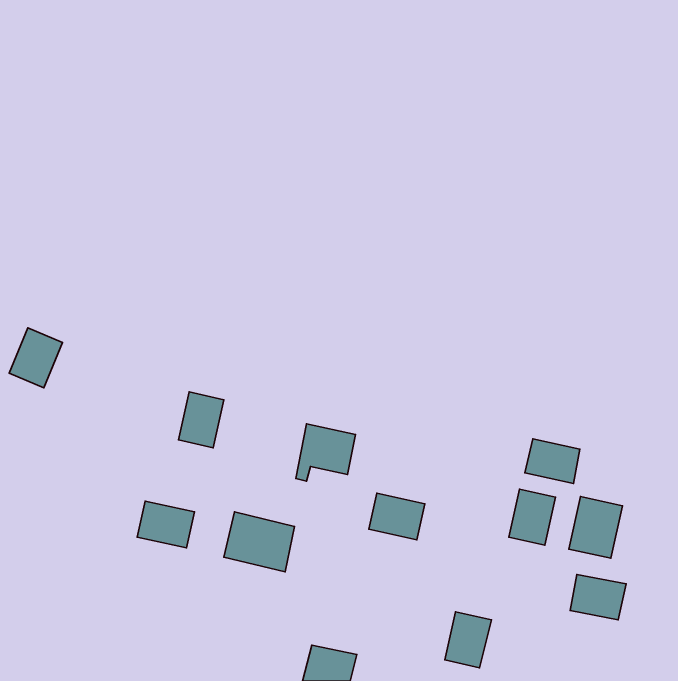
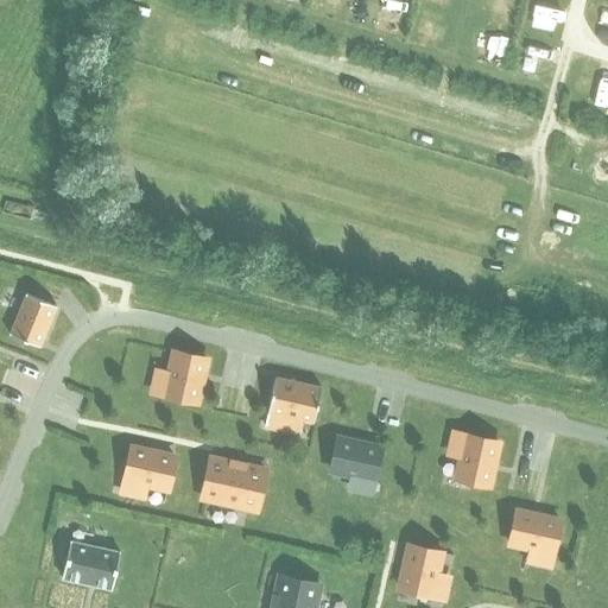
building: [525,439,580,484] -> none
building: [569,497,622,558] -> none
building: none -> [62,542,121,589]

